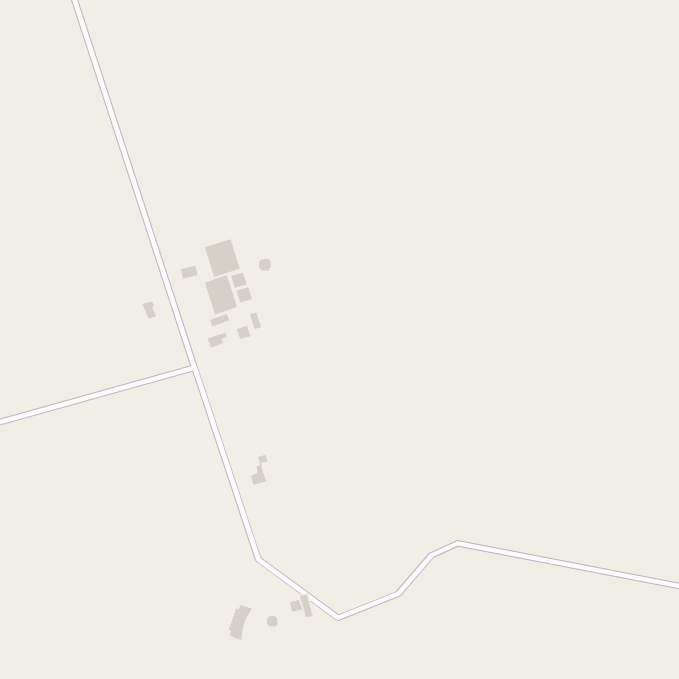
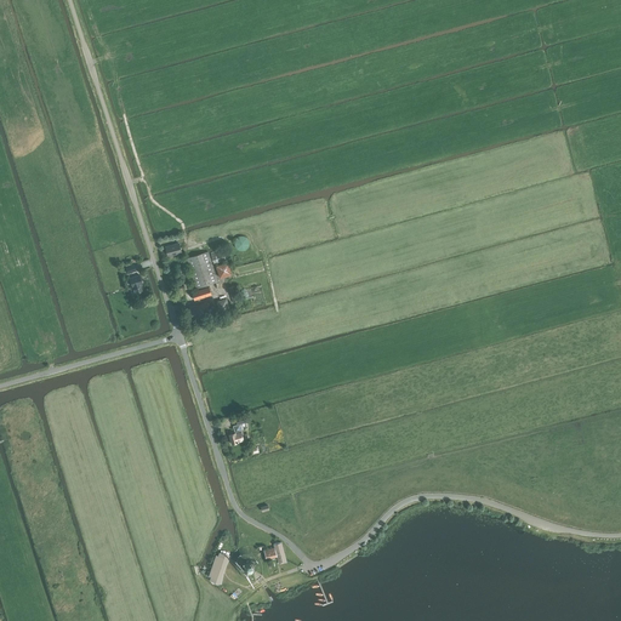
building: [204,238,241,278] -> none

